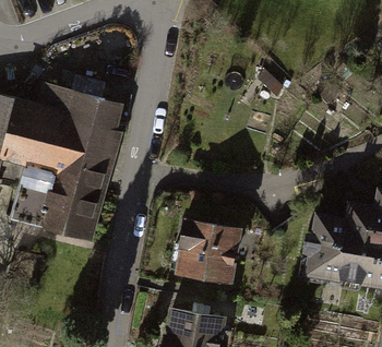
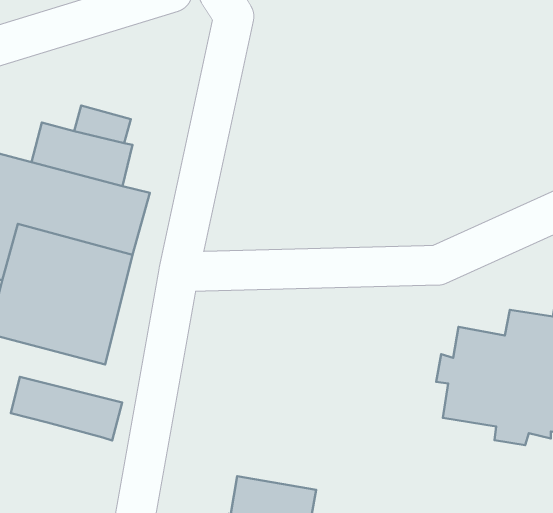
building: [181,222,240,278] -> none
building: none -> [11,377,122,441]

